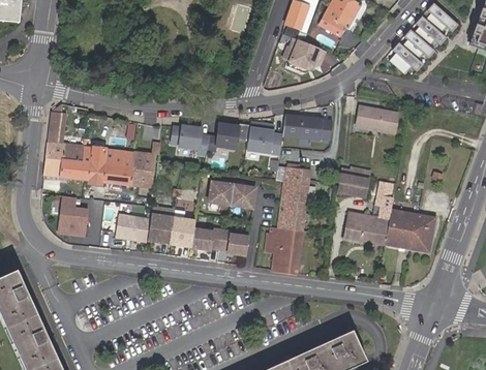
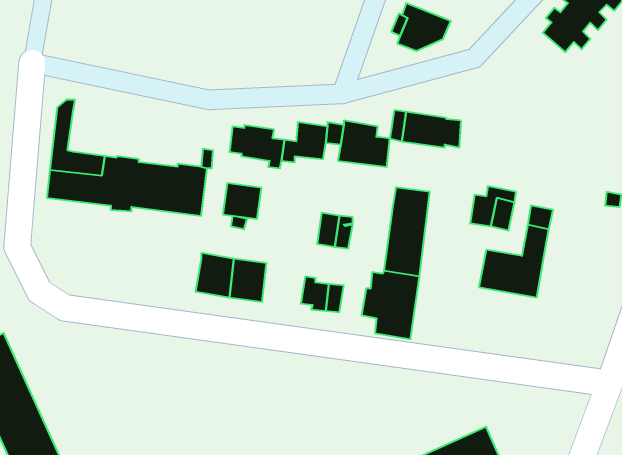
building: [359,105,399,132] -> none
building: [209,182,236,207] -> [223,183,261,219]
building: [58,194,89,237] -> none
building: [386,208,436,251] -> none
building: [116,212,152,242] -> none
building: [194,228,224,249] -> none

